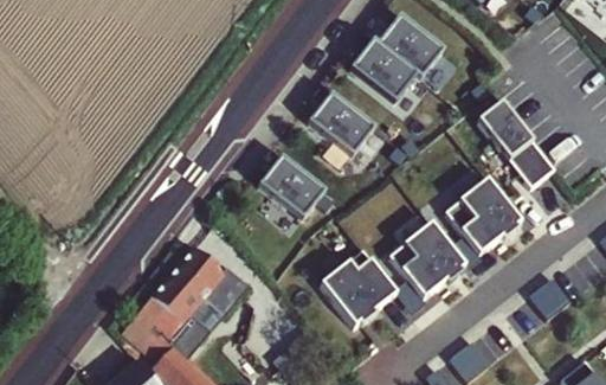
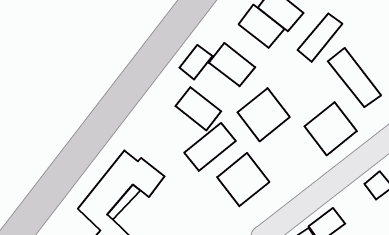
building: none -> [298,13,342,62]
building: none -> [179,45,212,80]
building: none -> [184,123,236,171]
building: [389,220,464,296] -> [237,88,290,141]

